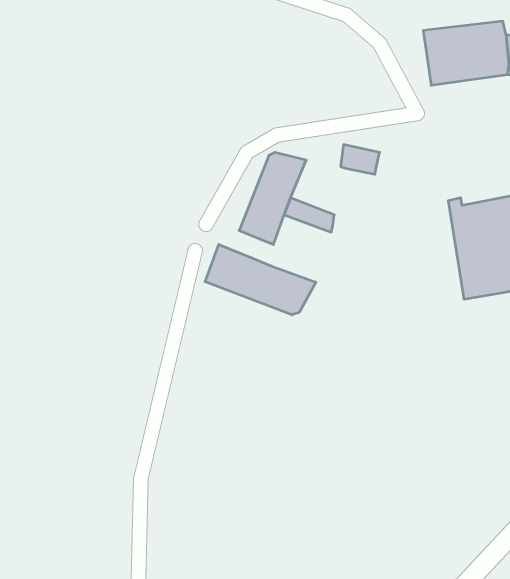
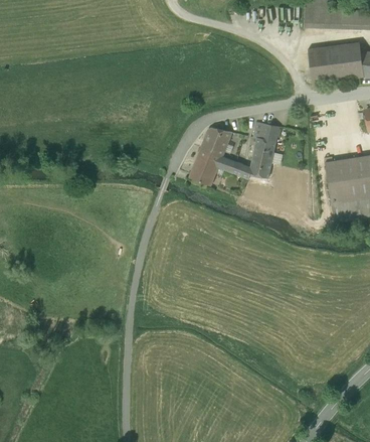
building: none -> [249,137,276,178]
building: [205,244,316,315] -> none

